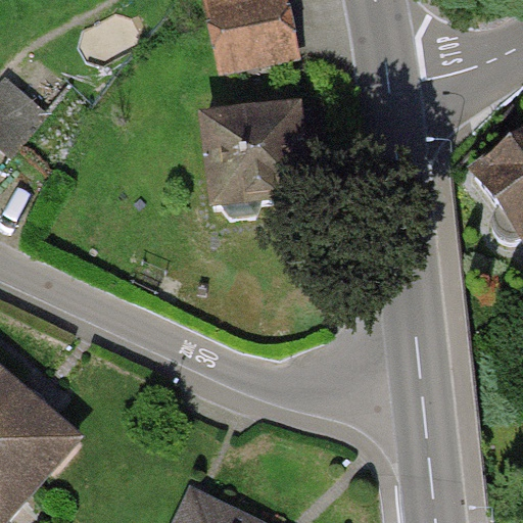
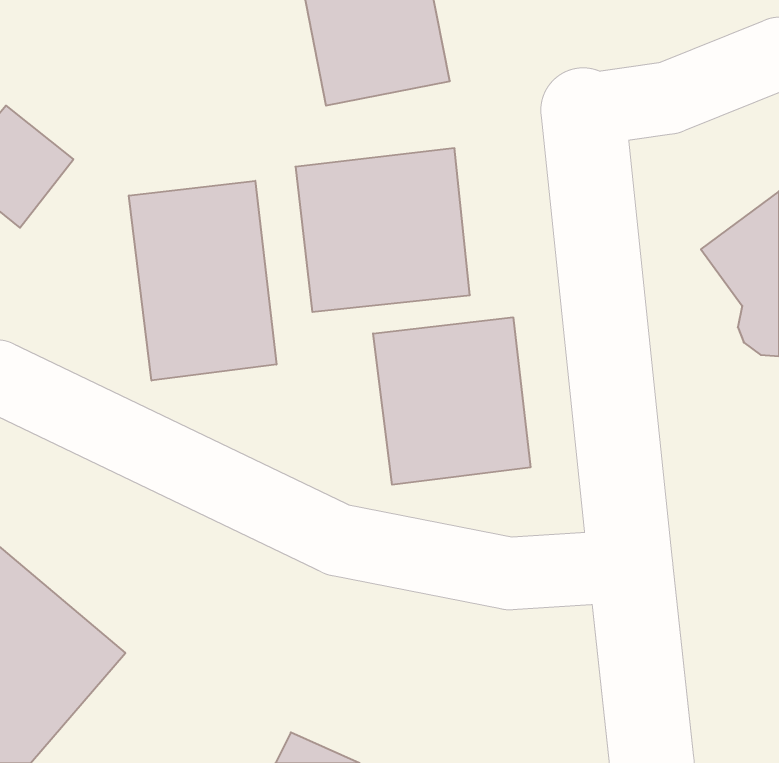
building: none -> [129,181,276,381]
building: none -> [373,317,530,485]

